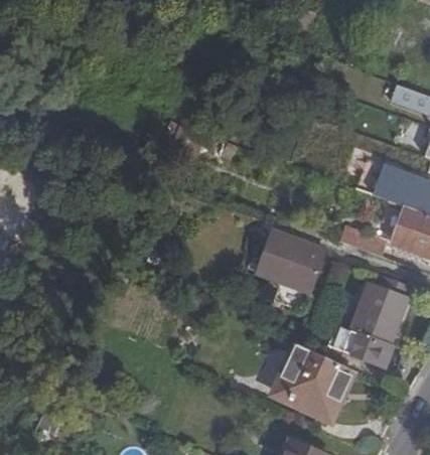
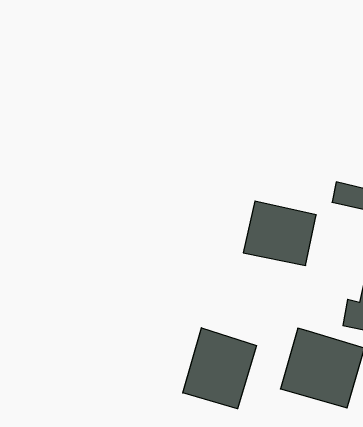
building: none -> [183,328,256,409]

